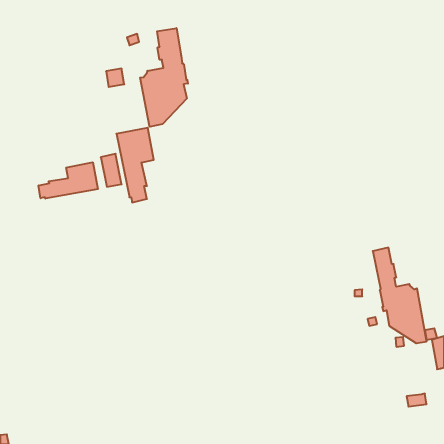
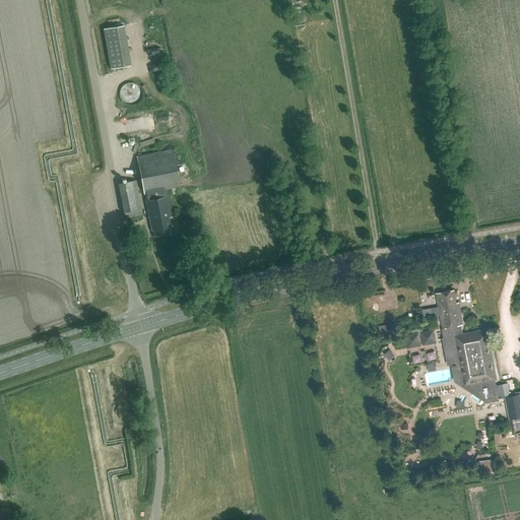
building: none -> [105,26,131,70]
building: [140,28,188,127] -> none
building: [39,162,98,199] -> none

